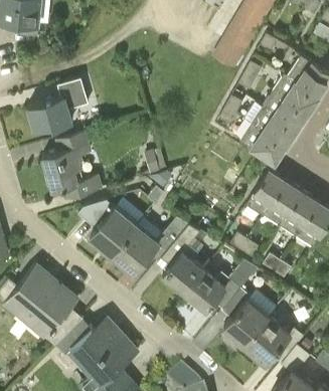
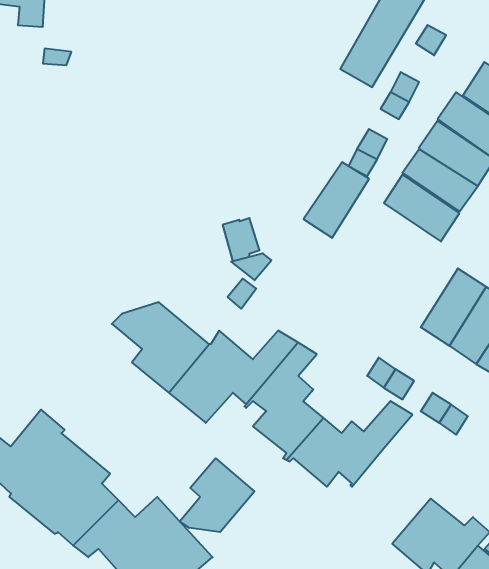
building: [29,76,89,128] -> none
building: [43,130,102,197] -> none
building: [246,168,286,213] -> [304,162,369,238]
building: [222,285,270,343] -> none
building: none -> [180,458,254,532]

